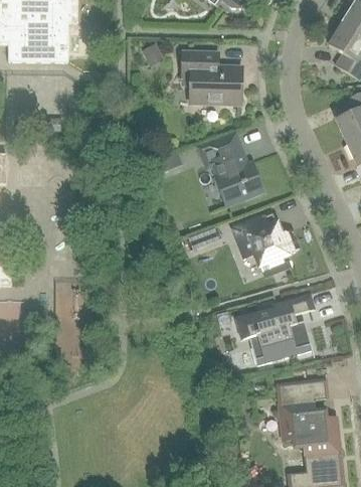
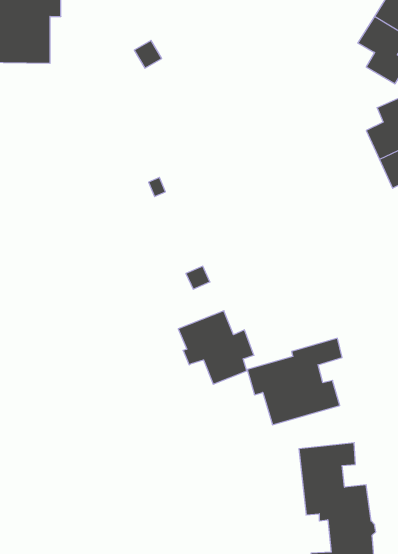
building: [180,51,237,103] -> none
building: [198,133,262,206] -> none
building: [233,213,297,275] -> [178,311,254,384]

